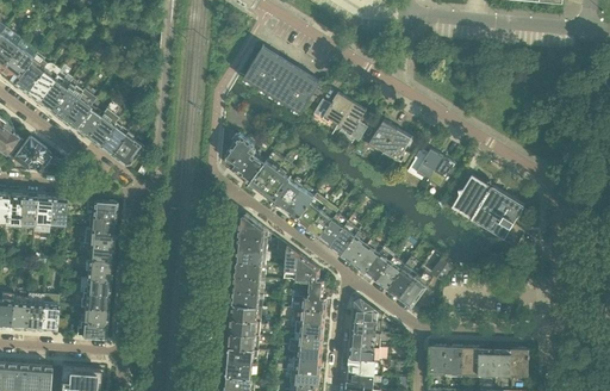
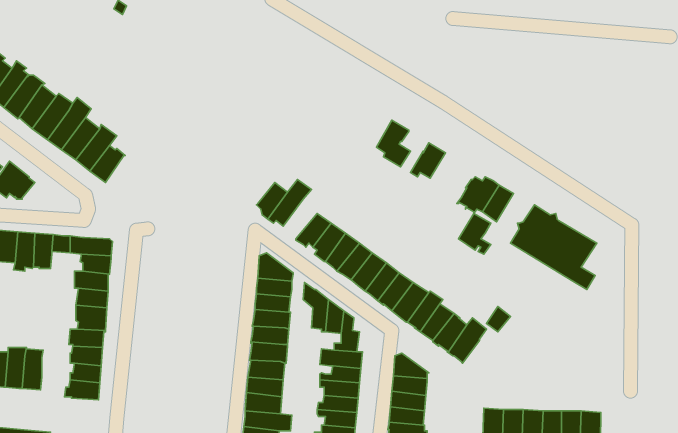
building: [244,48,319,113] -> none
building: [313,94,351,125] -> none
building: [384,130,411,165] -> [458,213,491,254]
building: [110,132,144,166] -> none
building: [225,135,255,173] -> none
building: [260,161,297,203] -> none

